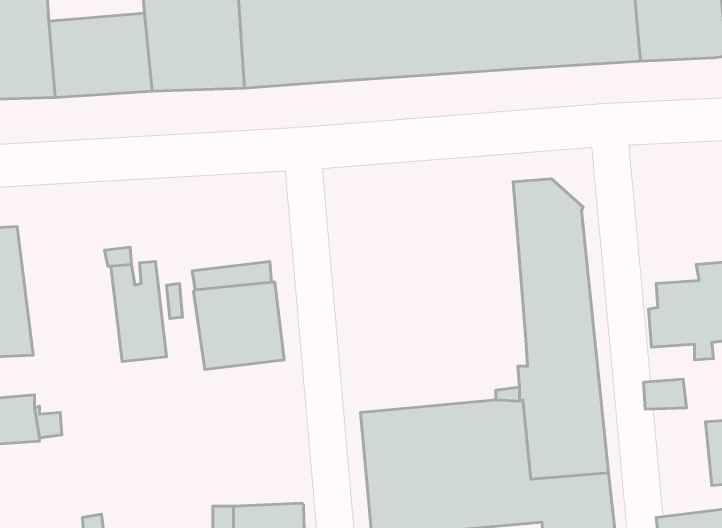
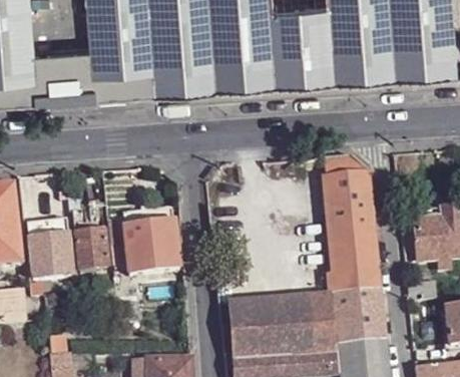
building: none -> [27,223,78,293]

